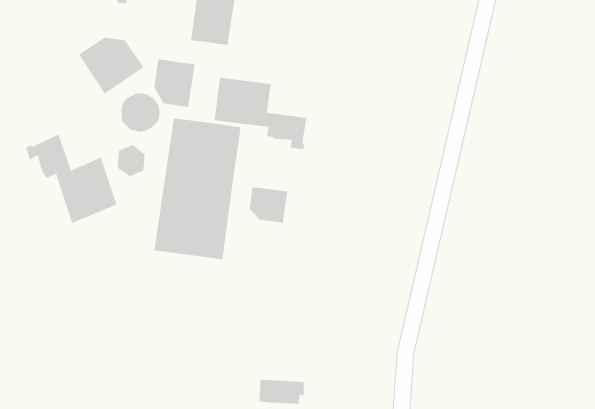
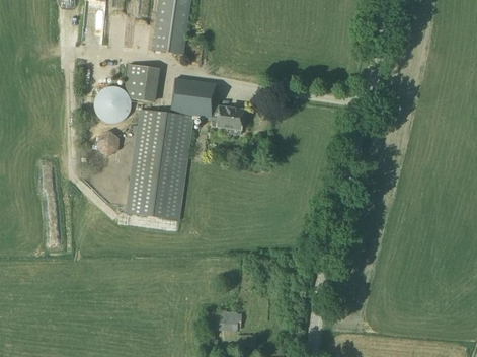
building: [78,37,144,94] -> none
building: [26,134,117,224] -> none
building: [249,186,288,224] -> none

